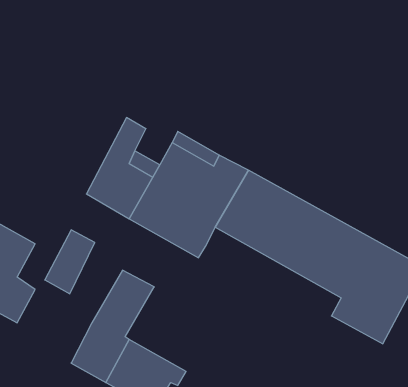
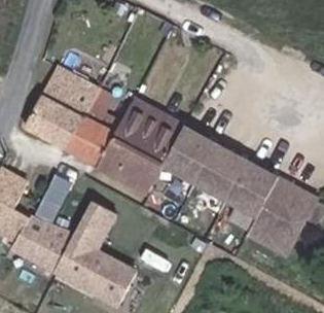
building: none -> [26,66,98,145]
building: none -> [13,216,72,271]

